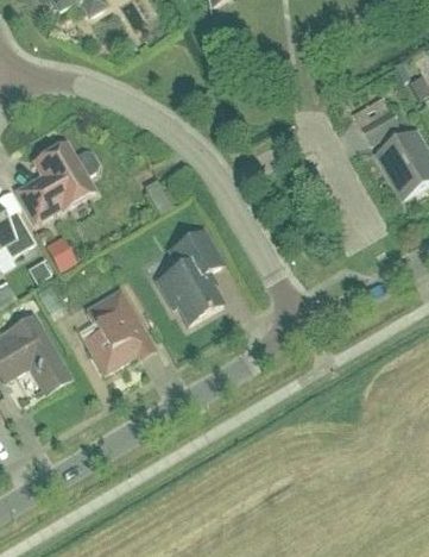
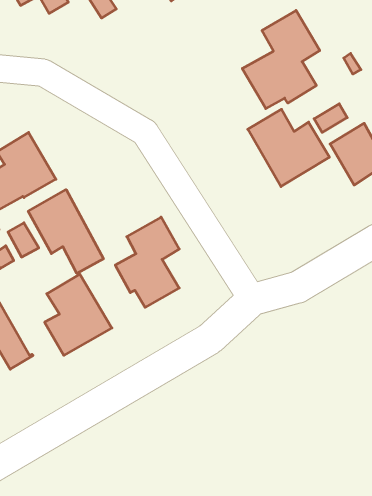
building: none -> [242,10,320,109]
building: none -> [248,109,329,187]
building: none -> [28,190,103,273]

